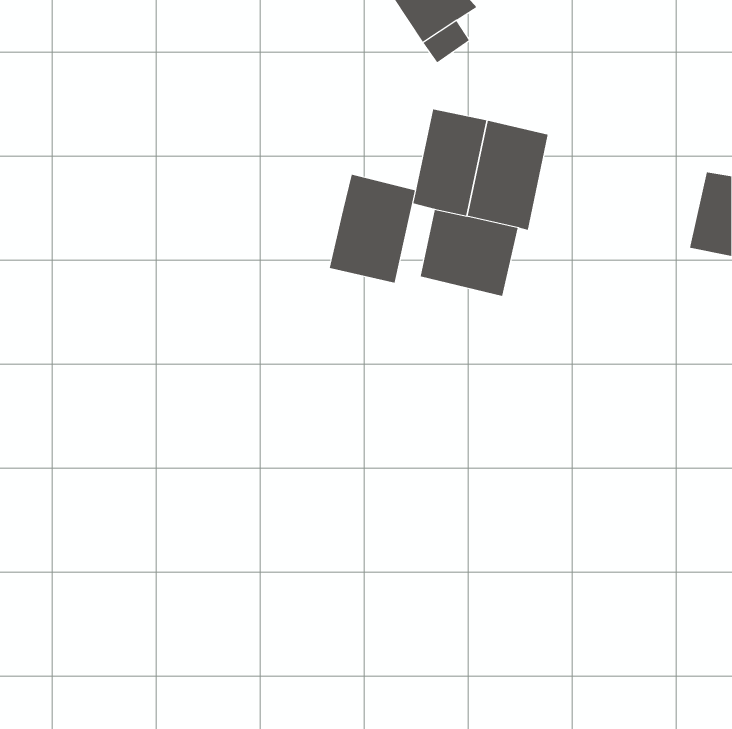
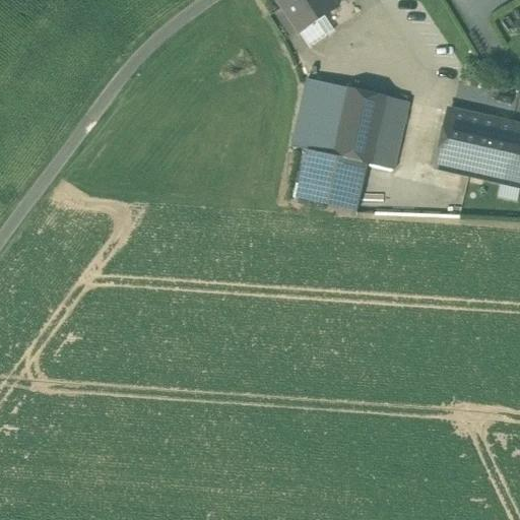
building: none -> [375,95,409,168]
building: none -> [438,110,501,176]
building: [329,174,415,284] -> none

